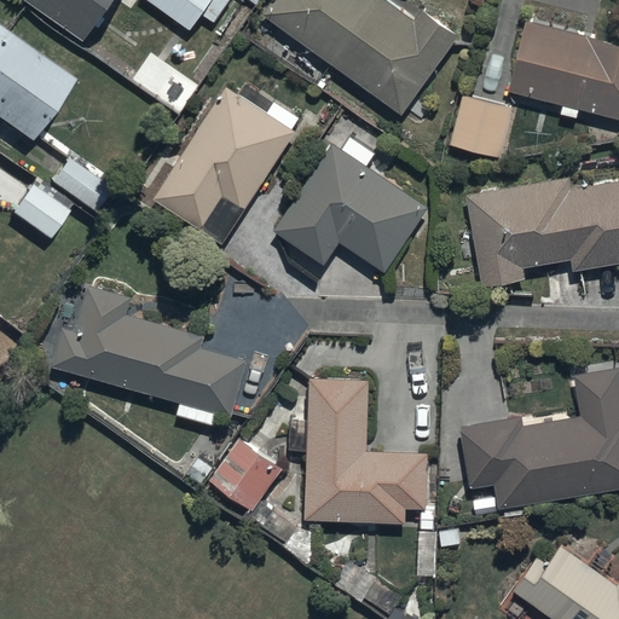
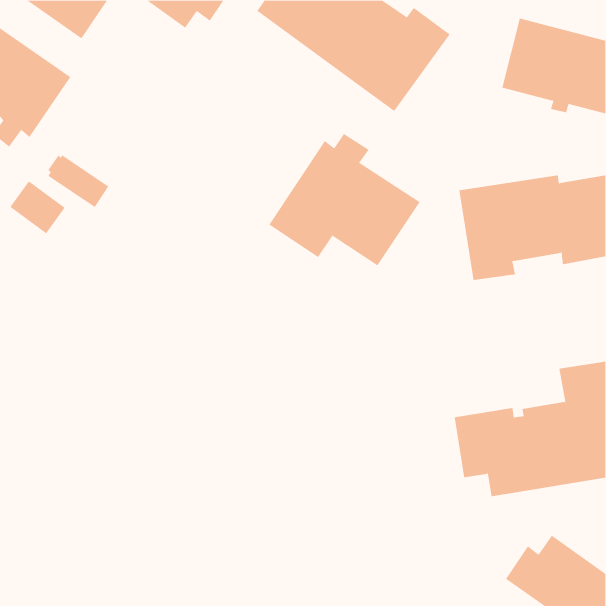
building: [152,83,297,243] -> none
building: [447,94,513,156] -> none
building: [51,287,247,426] -> none
building: [285,378,428,521] -> none
building: [210,439,280,509] -> none

